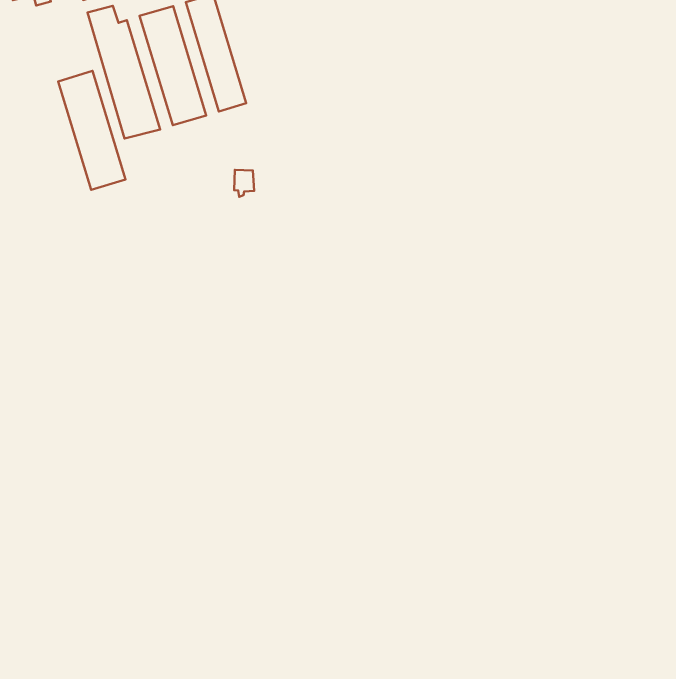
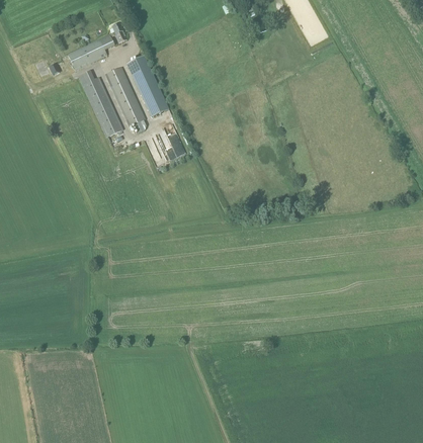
building: [58,71,125,190] -> none

